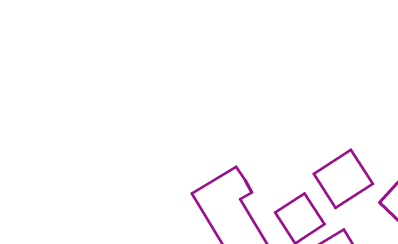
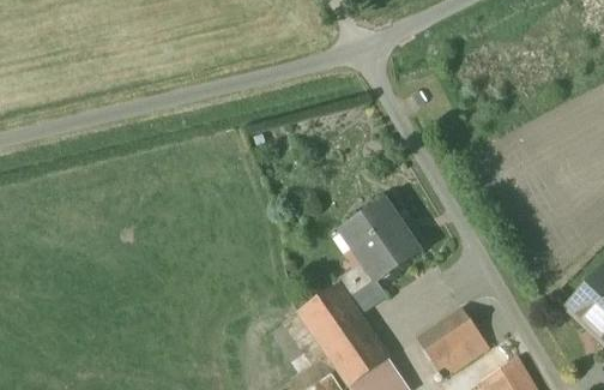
building: none -> [340,202,419,284]
building: [314,150,373,208] -> none

